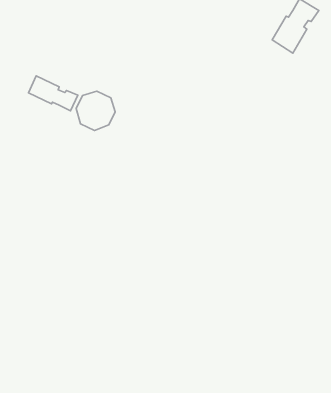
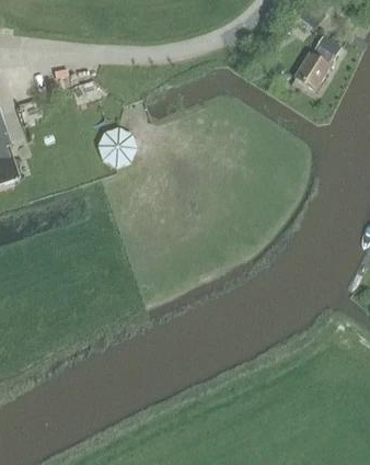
building: [29,76,78,111] -> none

